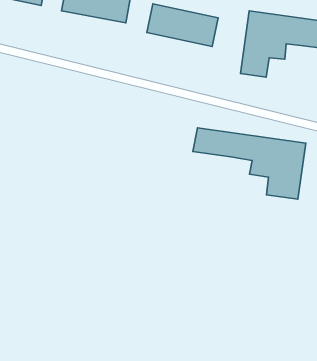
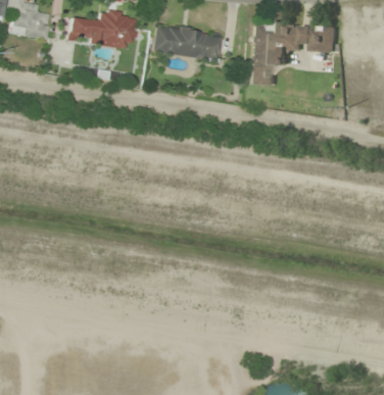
building: [193,128,306,199] -> none

